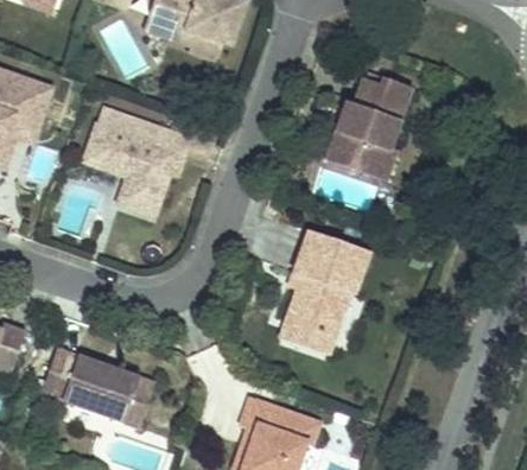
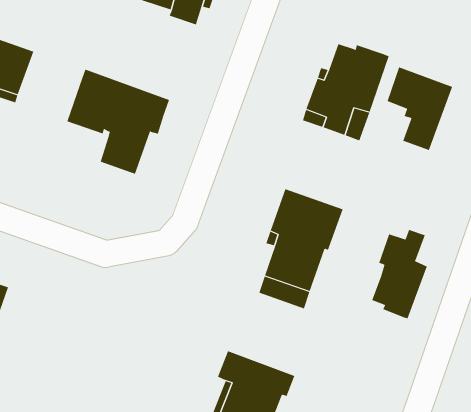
building: none -> [387,67,453,151]
building: none -> [371,229,427,319]
building: [39,345,153,424] -> none

